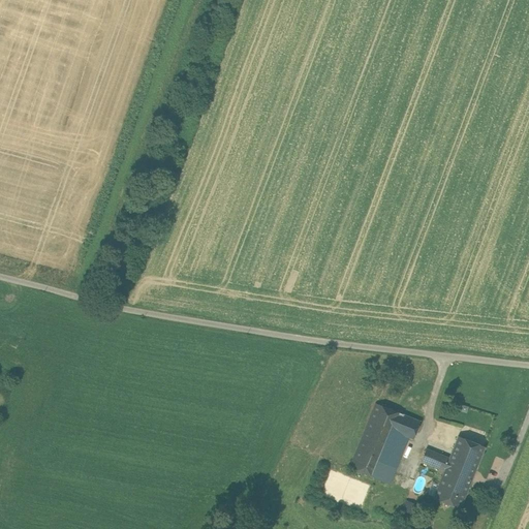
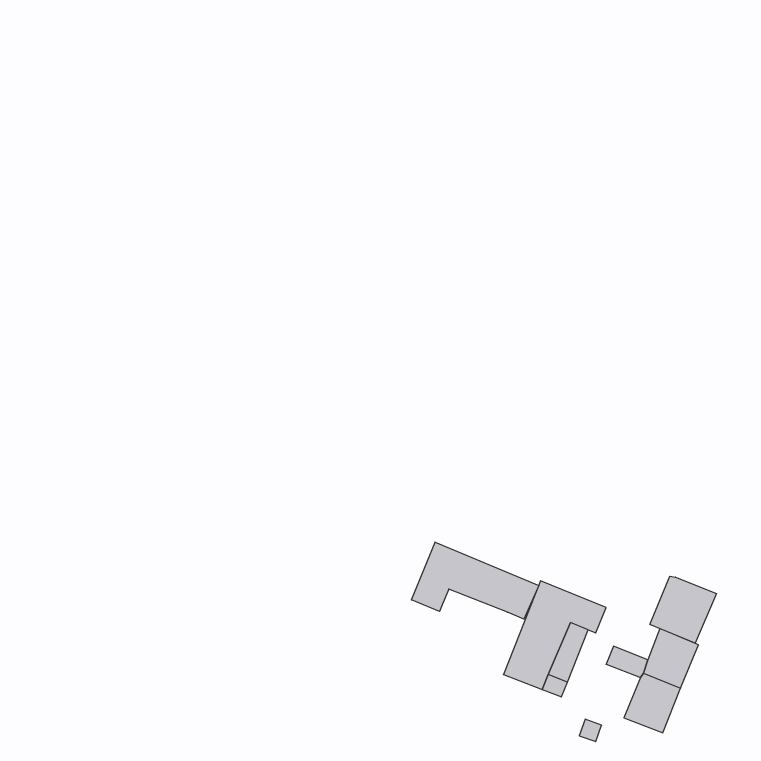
building: none -> [411,542,539,619]
building: none -> [650,576,716,643]

